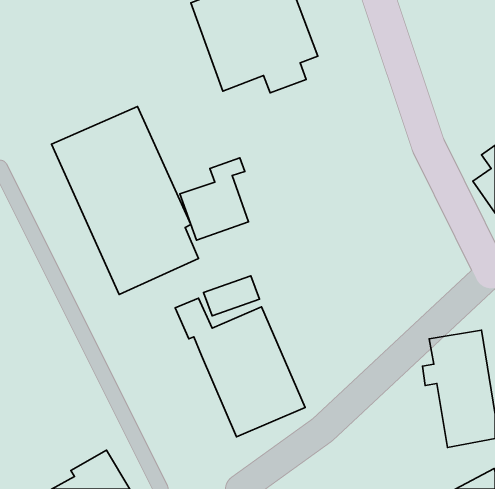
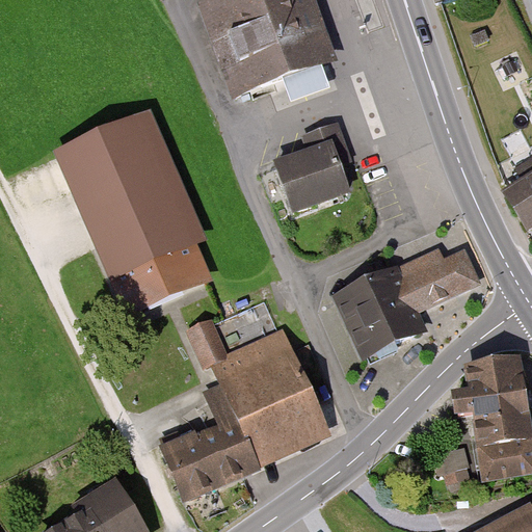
building: [180,158,249,240] -> [274,125,348,213]
building: none -> [334,248,478,357]
building: none -> [159,381,254,499]
building: none -> [443,443,473,478]

